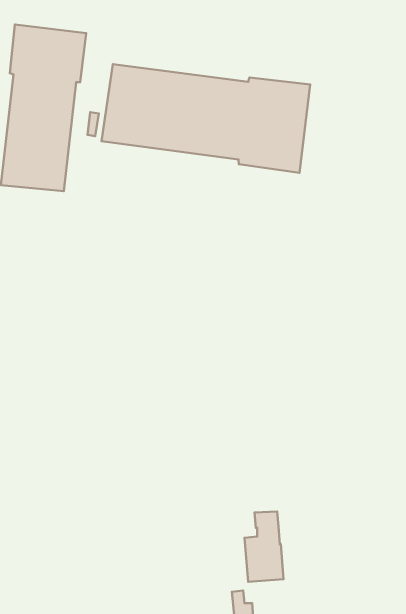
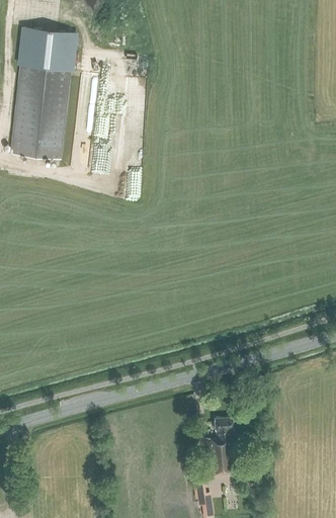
building: [102,64,310,173] -> none

